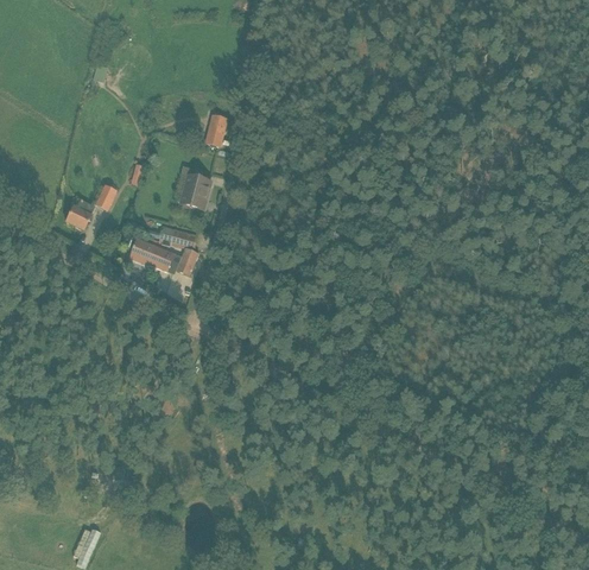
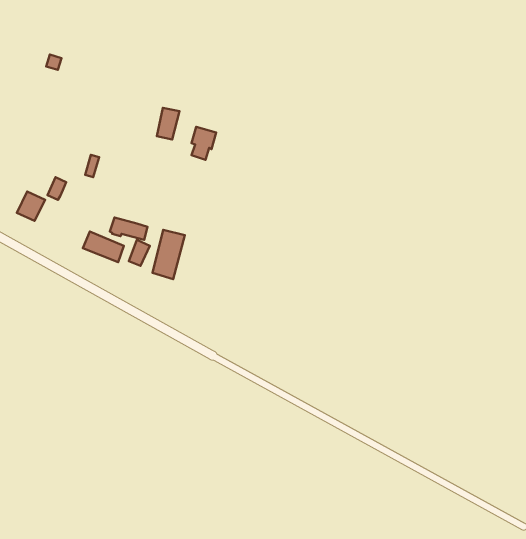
building: [185,175,210,208] -> [192,127,216,160]
building: none -> [152,230,185,279]

